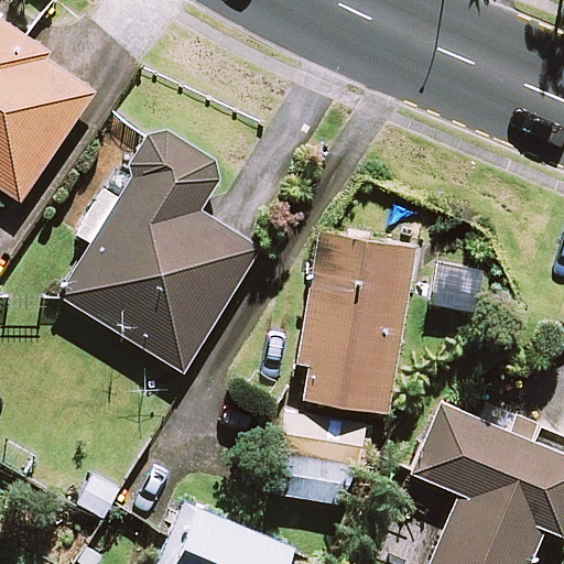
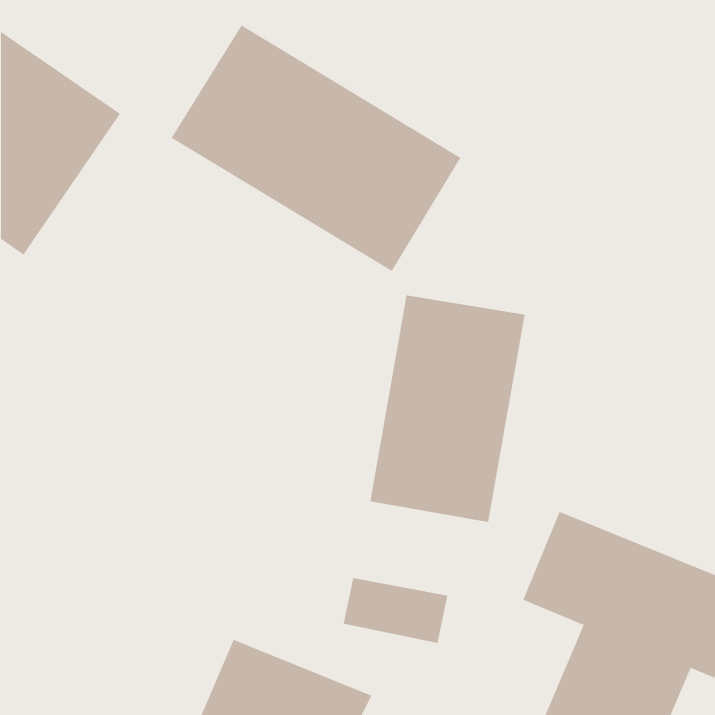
building: none -> [171,25,461,272]
building: [58,128,258,371] -> none

